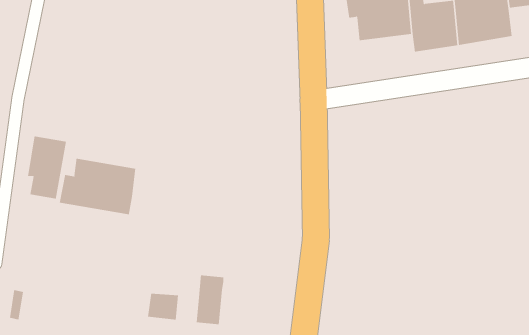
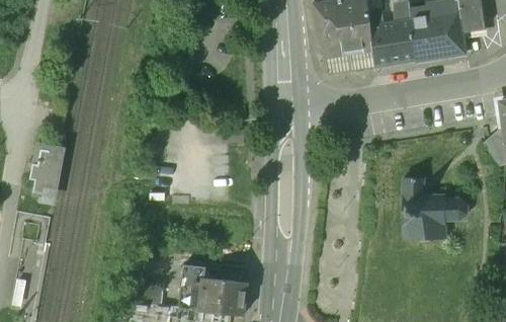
building: [59,158,136,215] -> none
building: none -> [406,178,471,238]
building: none -> [202,279,249,315]

